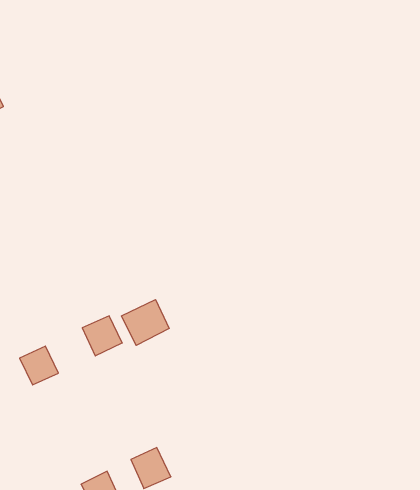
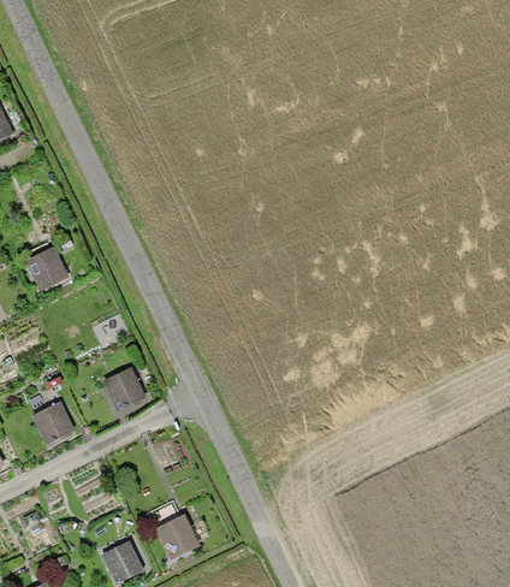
building: none -> [24,245,69,291]
building: [121,300,169,345] -> none

